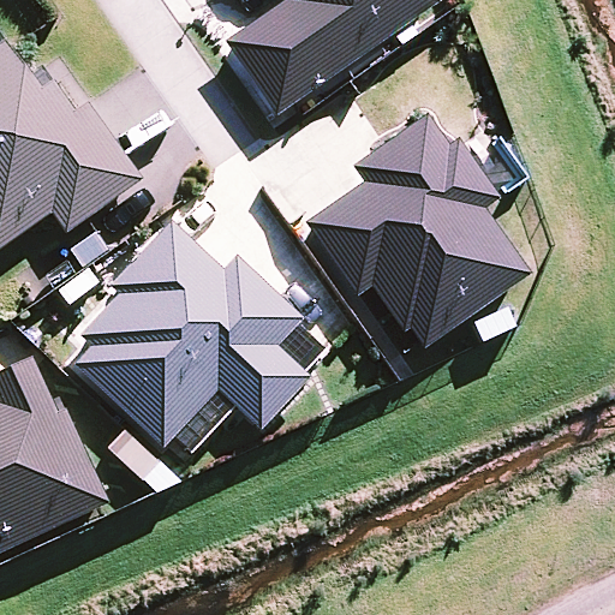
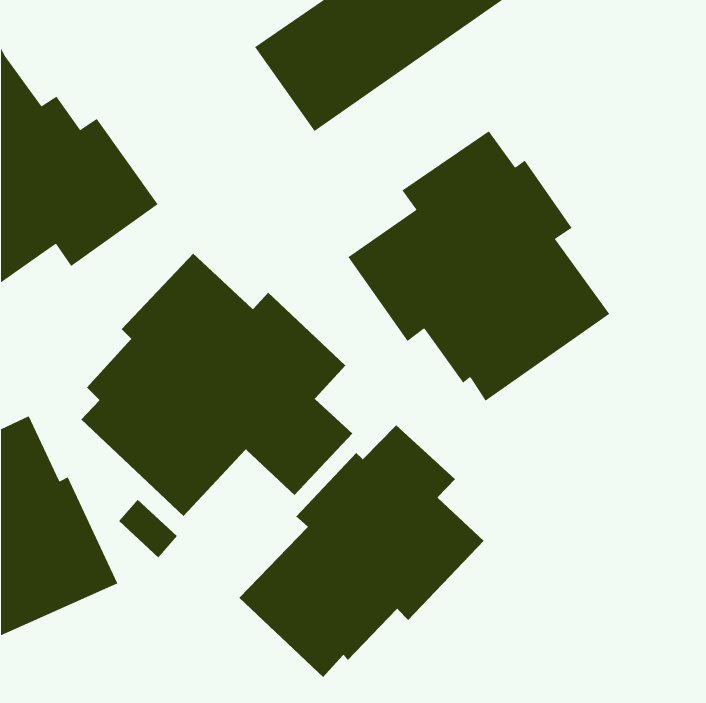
building: none -> [238,424,484,678]

